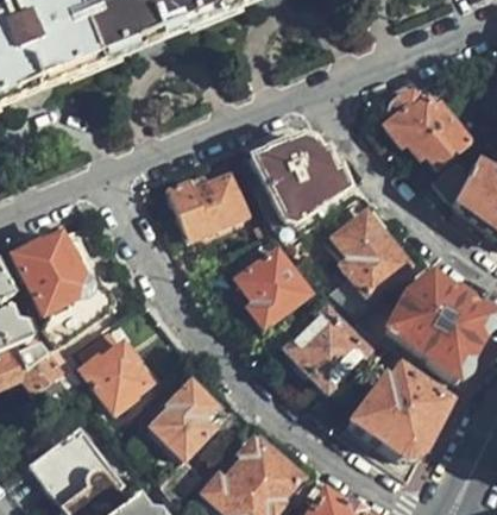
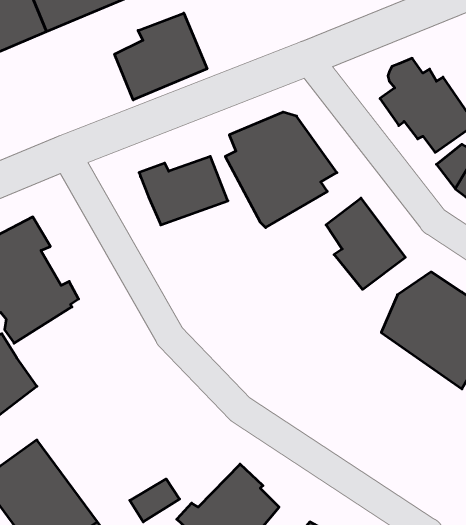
building: none -> [115,13,207,100]
building: [226,235,303,314] -> none
building: [288,309,364,387] -> none
building: [83,327,150,408] -> none
building: [350,364,449,458] -> none
building: [150,378,214,458] -> none

